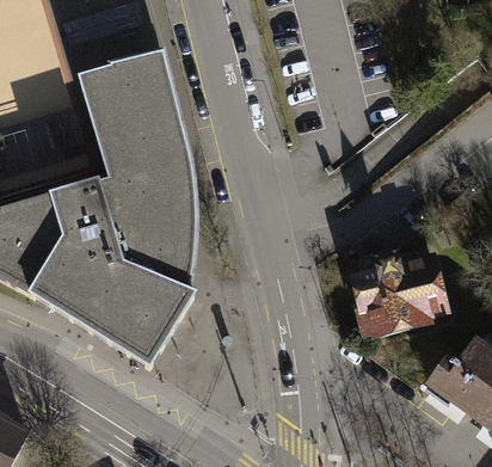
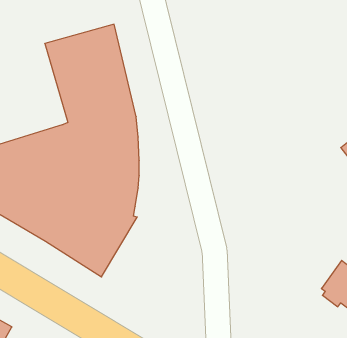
building: [353,254,445,332] -> none

